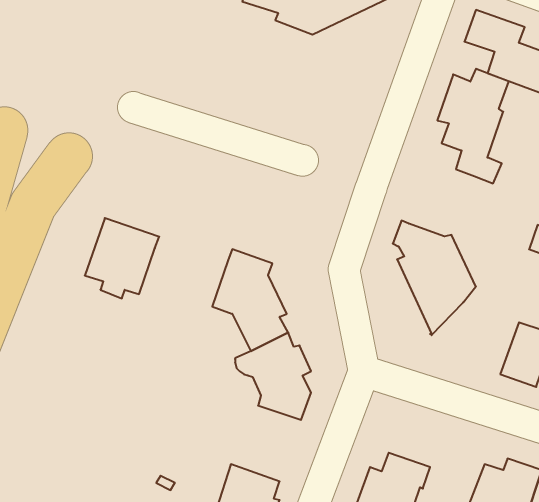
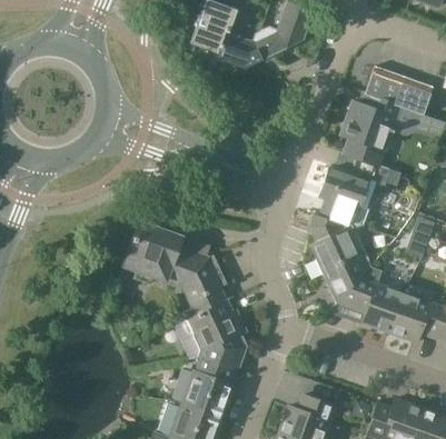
building: none -> [318,164,369,226]
building: [85,218,159,298] -> [123,221,181,283]
building: none -> [336,277,404,332]
building: none -> [180,357,235,416]

